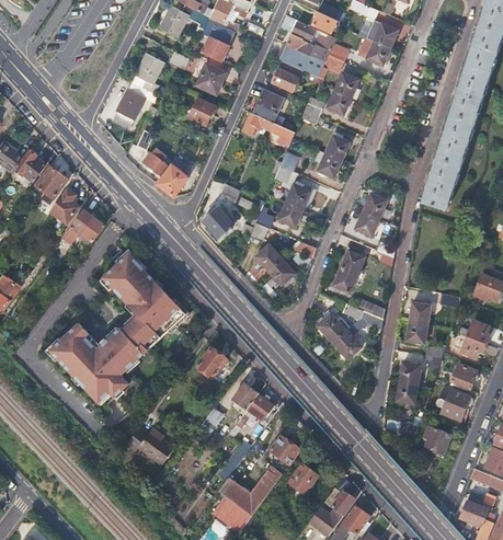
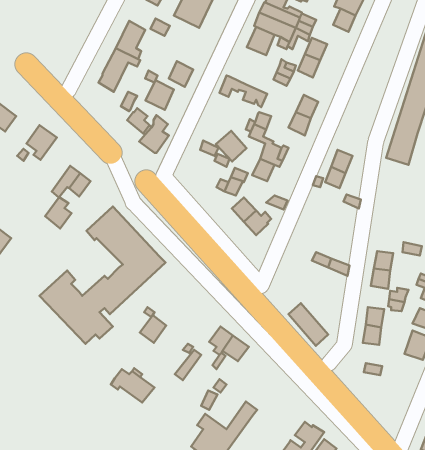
building: [195,62,226,94] -> [146,80,174,110]
building: [253,83,285,123] -> none
building: [13,149,44,183] -> none
building: [48,191,77,225] -> [45,197,71,229]
building: [201,206,233,239] -> [216,131,246,161]
building: [332,249,363,291] -> none
building: [318,313,361,359] -> [289,303,328,346]
building: [196,348,225,378] -> [140,315,166,343]
building: [423,425,450,458] -> none
building: [270,435,299,463] -> none
building: [288,463,317,493] -> none

